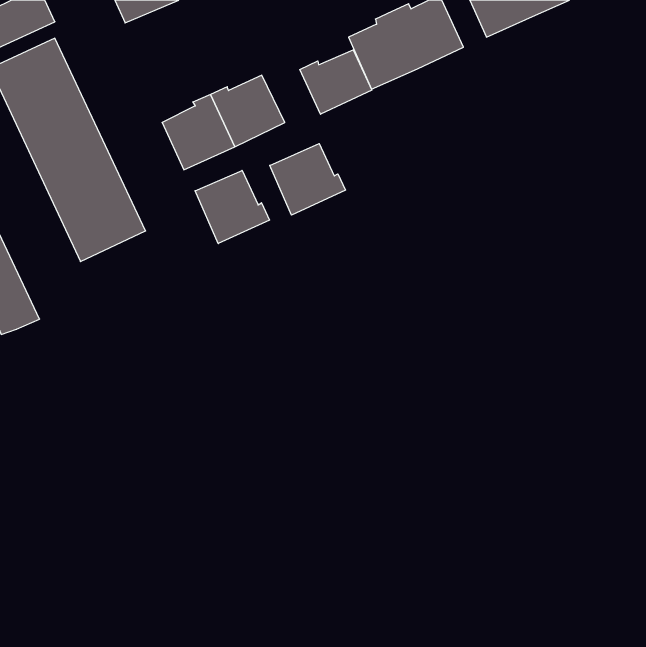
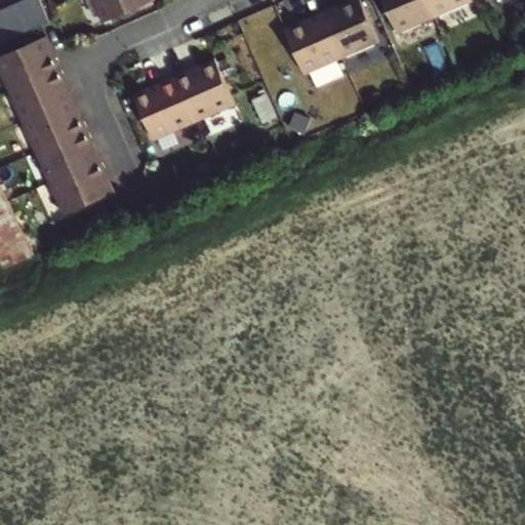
building: [300,50,372,114] -> none
building: [270,144,345,215] -> none
building: [195,170,269,244] -> none

